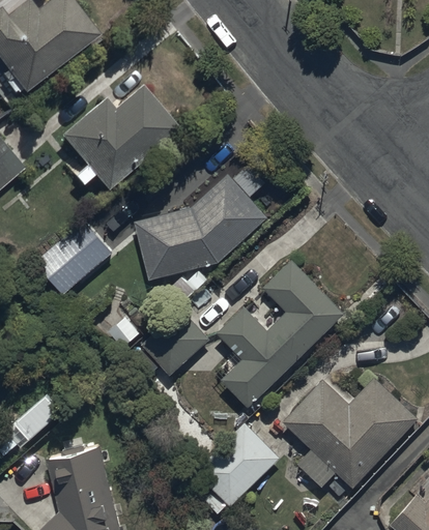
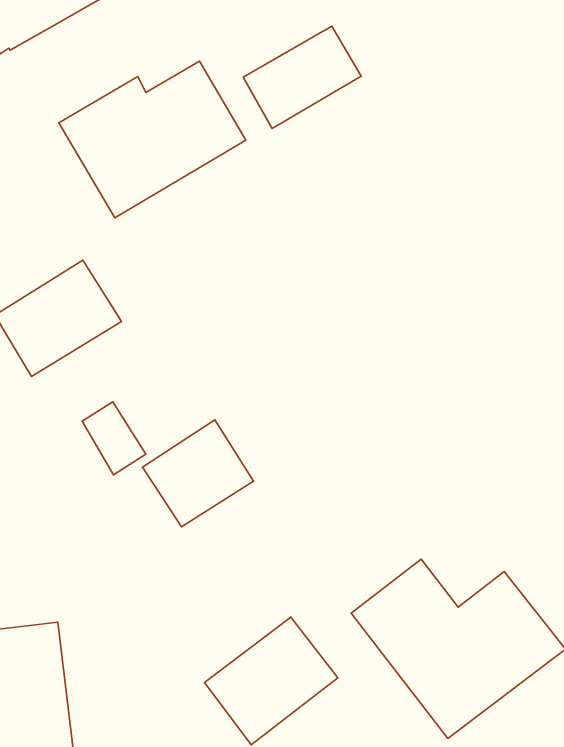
building: none -> [243,26,361,128]
building: [137,175,269,281] -> none
building: [221,258,346,405] -> none

